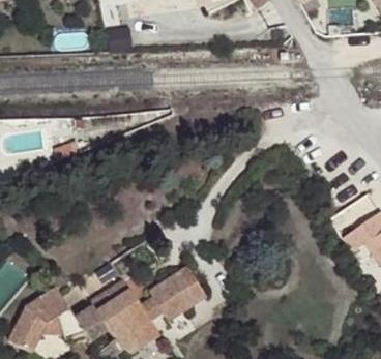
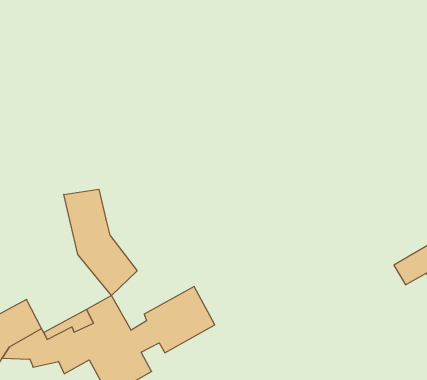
building: none -> [64,189,137,296]

